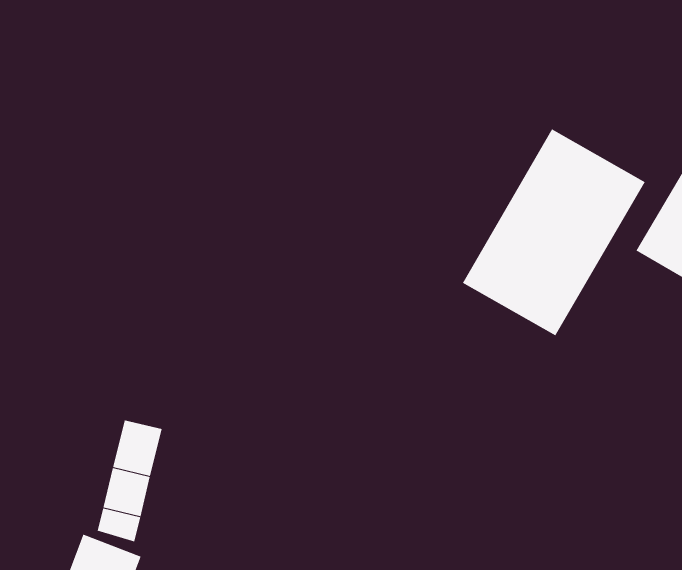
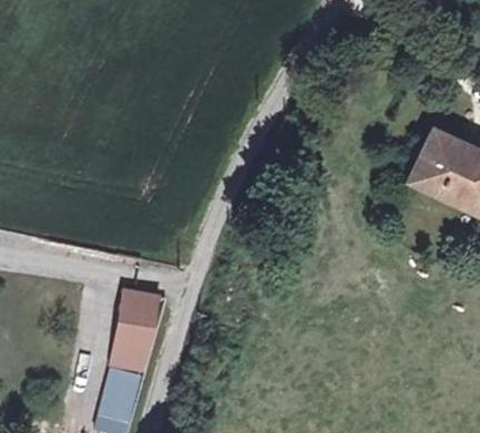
building: [462,129,645,336] -> none

